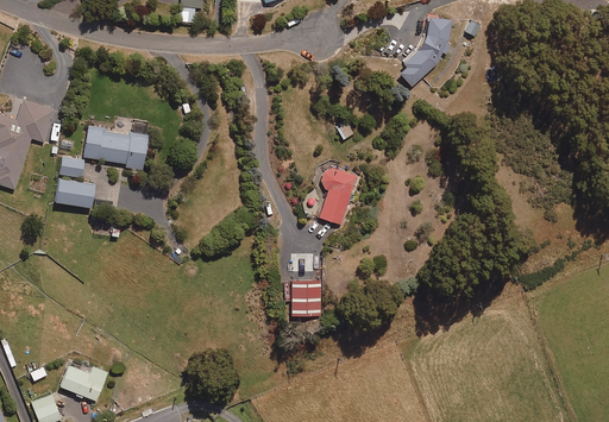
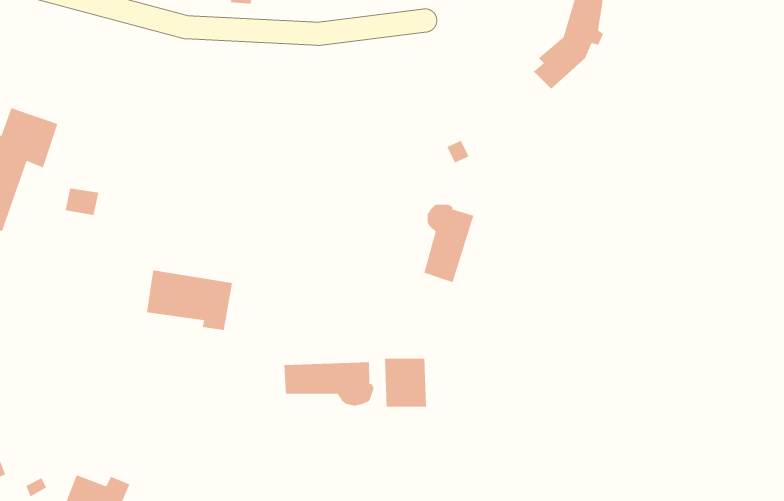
building: [83,125,146,169] -> [146,270,233,330]
building: [54,177,94,207] -> none
building: none -> [284,361,374,407]

